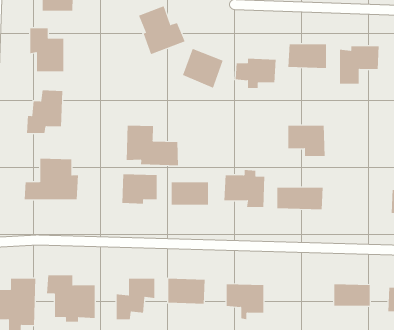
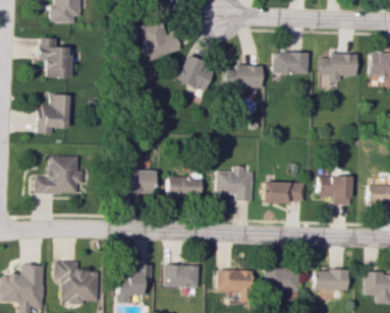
building: [126,125,178,166] -> none
building: [287,125,326,157] -> [319,176,353,204]
building: none -> [264,267,299,291]

